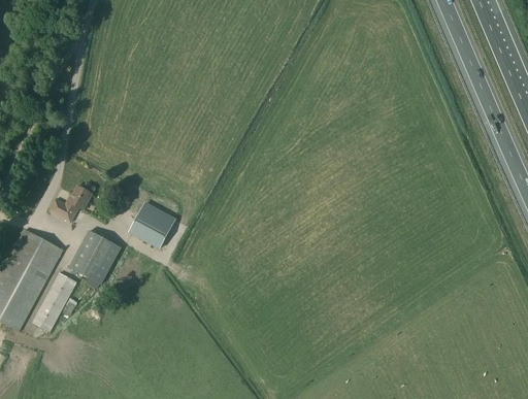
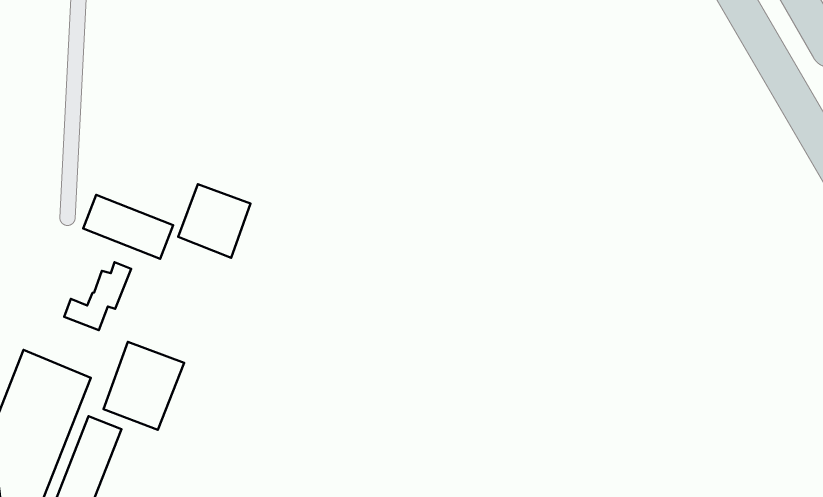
building: none -> [83,195,173,259]
building: [129,203,174,250] -> [178,184,250,258]

